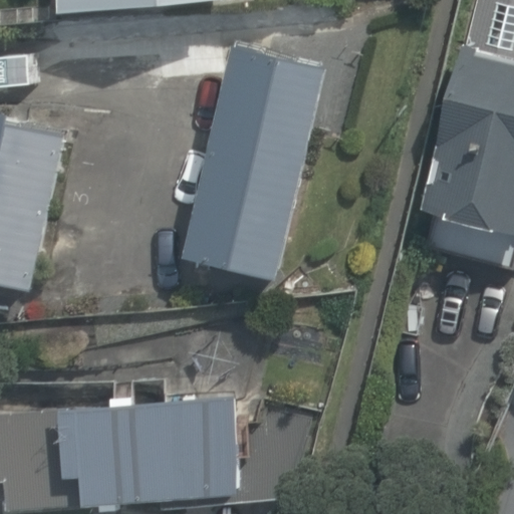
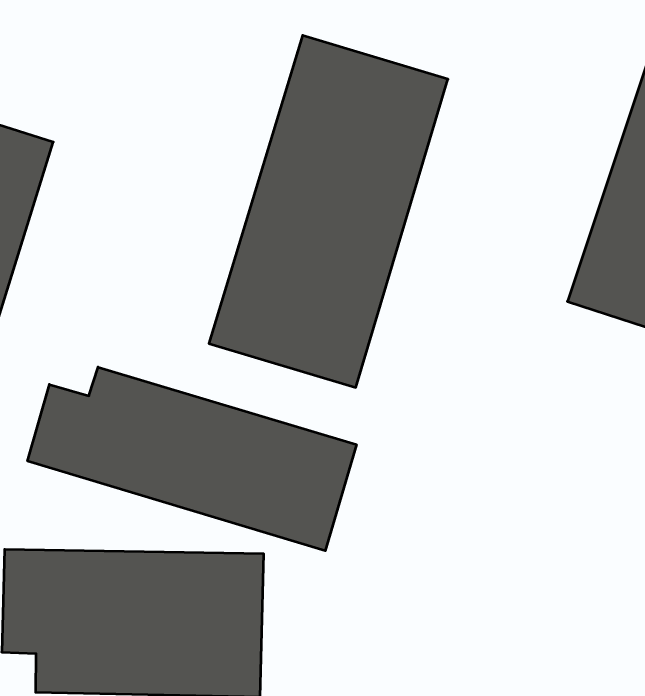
building: none -> [28,367,356,551]

